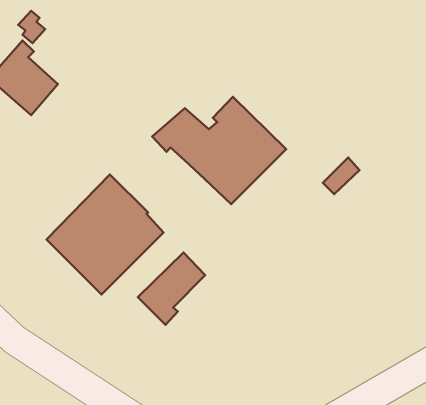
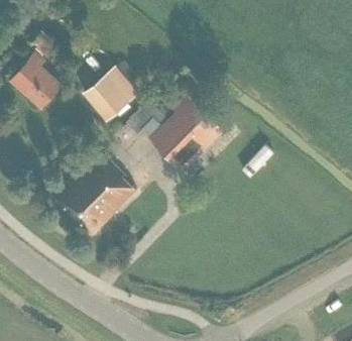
building: none -> [83,63,137,122]
building: [138,252,205,325] -> none

